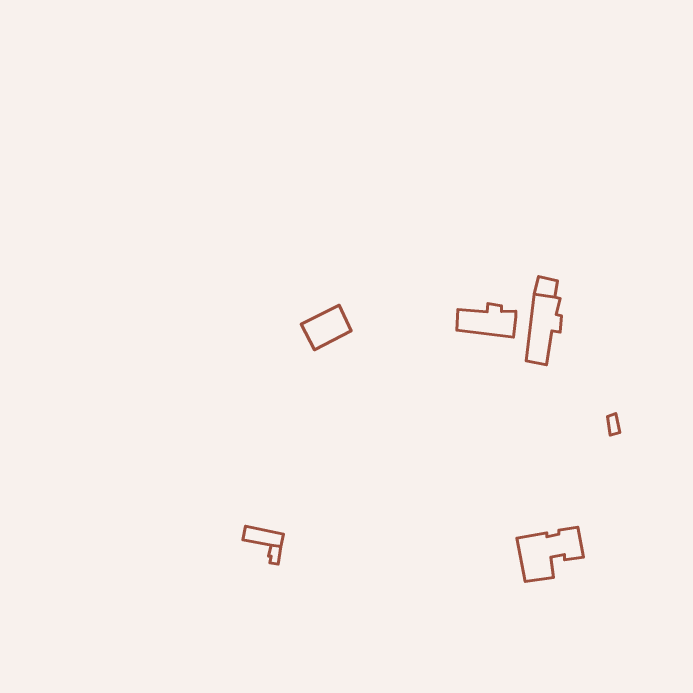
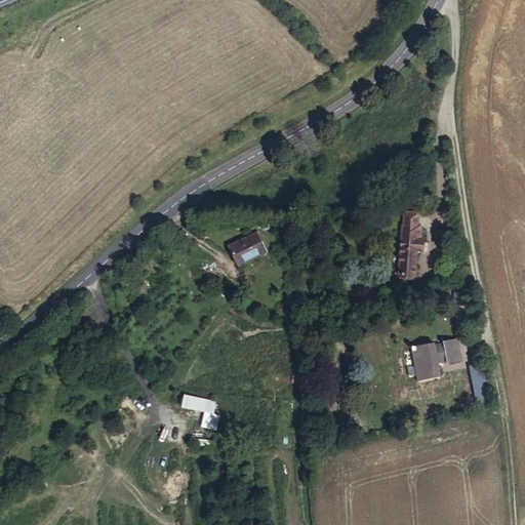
building: [457,304,516,337] -> none
building: [517,527,583,582] -> [413,337,463,378]

